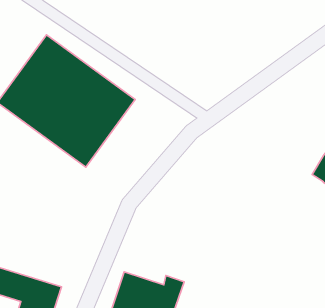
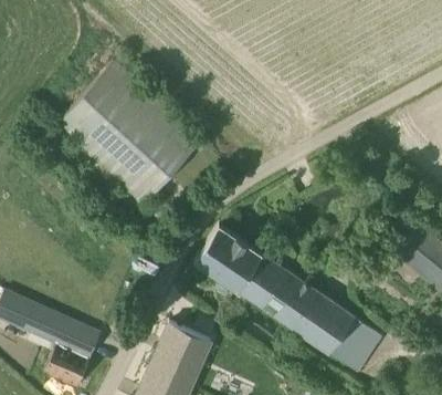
building: none -> [194,224,373,371]

